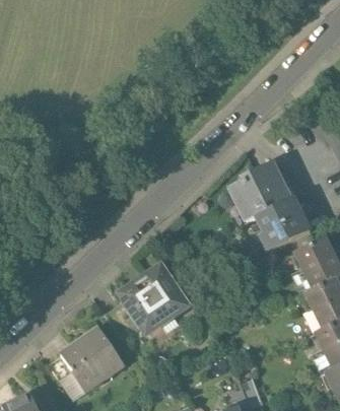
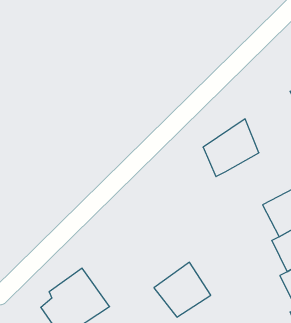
building: [252,191,313,253] -> none
building: [118,267,181,328] -> [154,262,211,317]

